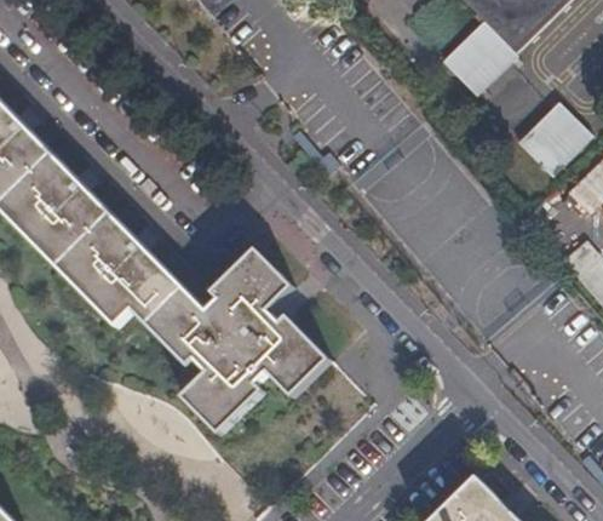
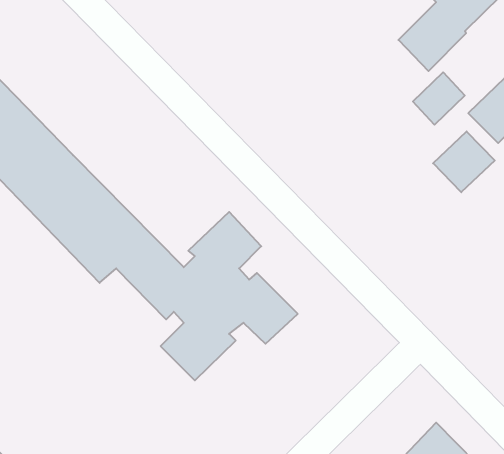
building: none -> [413,72,465,125]
building: none -> [433,131,495,192]

